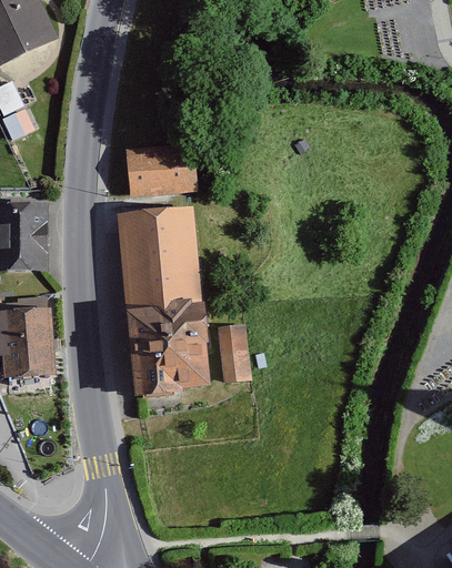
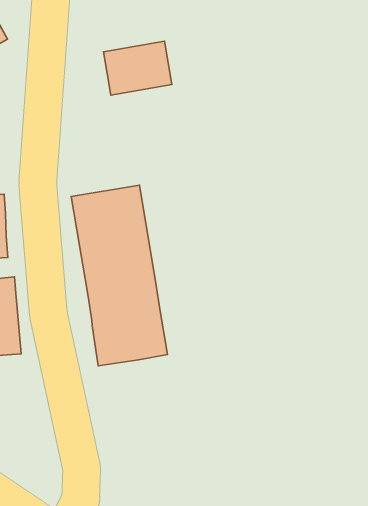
building: [125,144,195,197] -> [104,41,172,95]
building: [218,324,252,382] -> none

